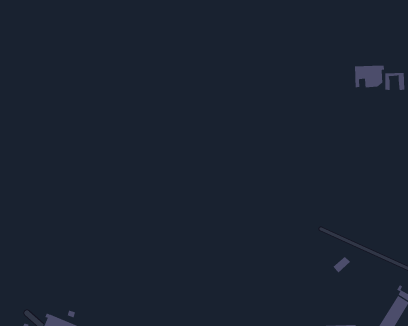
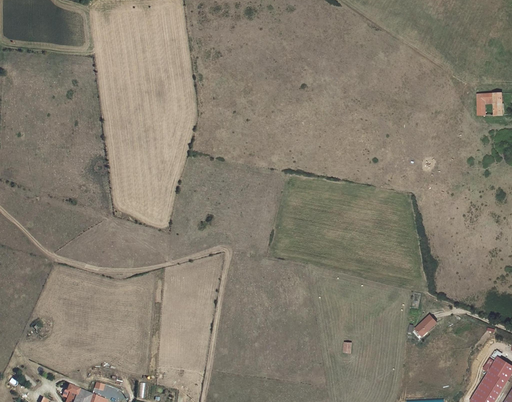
building: [355,65,385,88] -> none

